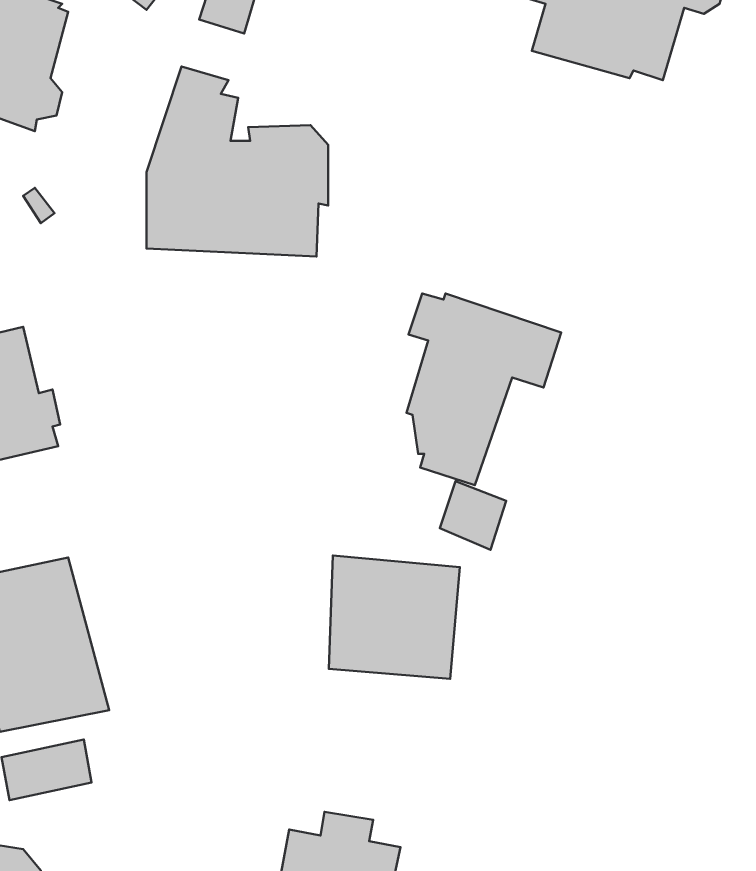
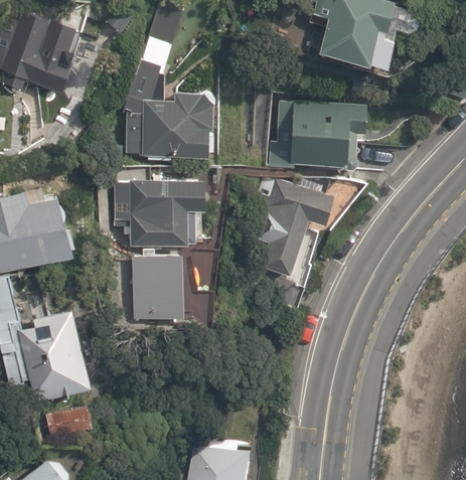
building: none -> [268,102,365,169]
building: none -> [114,180,205,248]
building: [329,555,460,679] -> [132,260,199,323]

